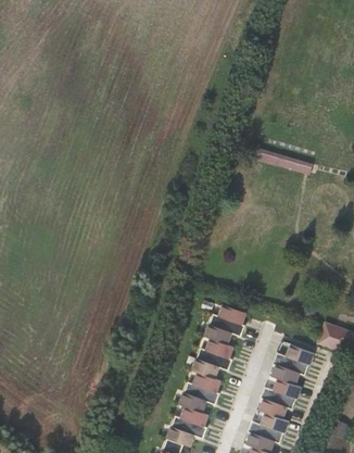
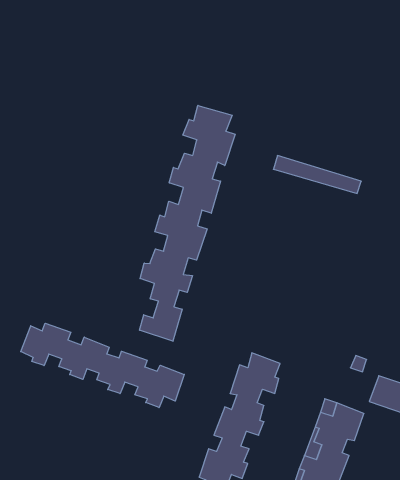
building: none -> [140,105,235,341]
building: none -> [21,323,184,408]

